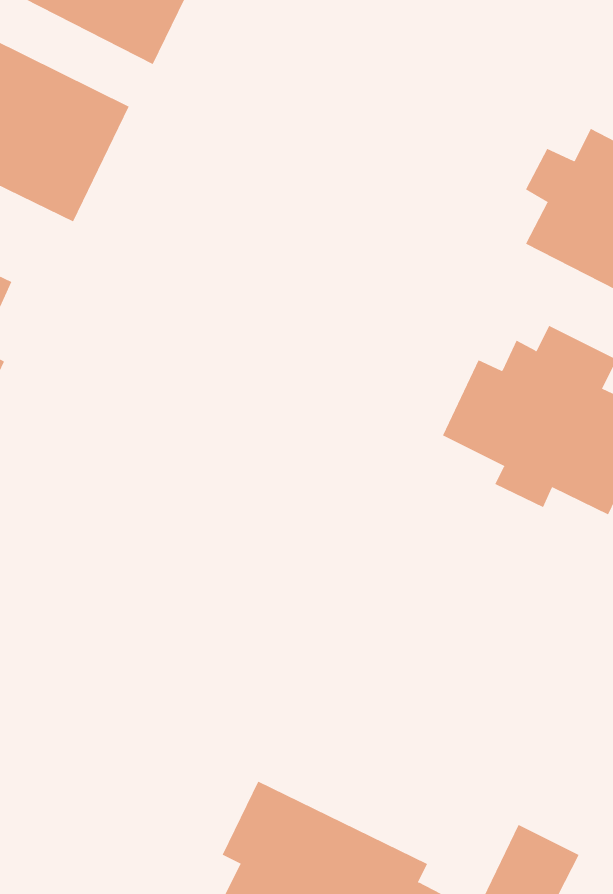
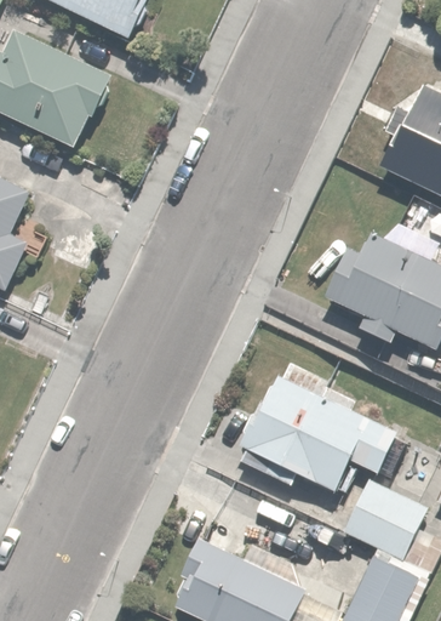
building: none -> [234,359,394,489]
building: none -> [344,478,429,556]

